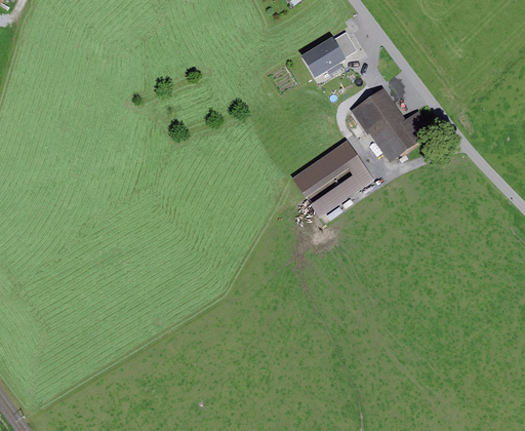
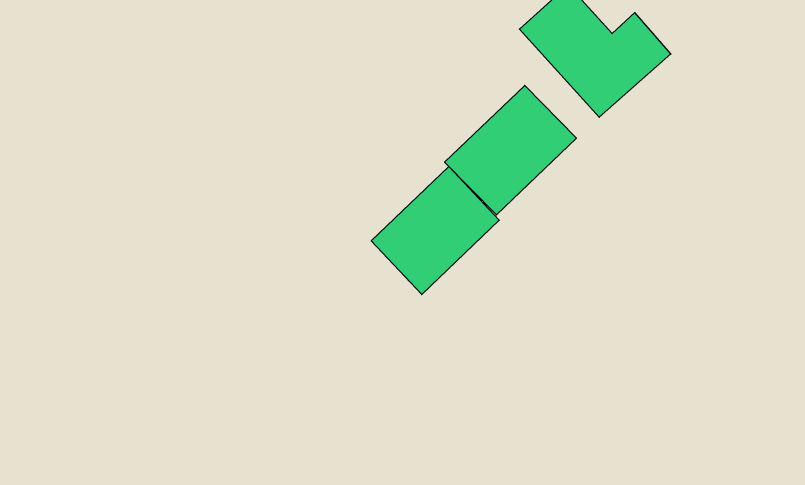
building: none -> [371,167,499,295]

